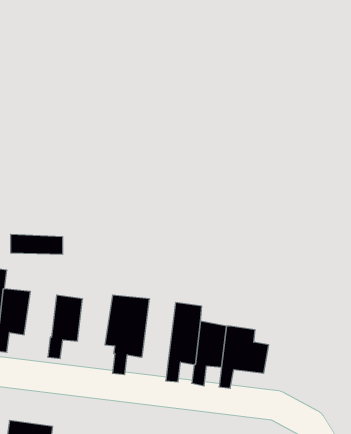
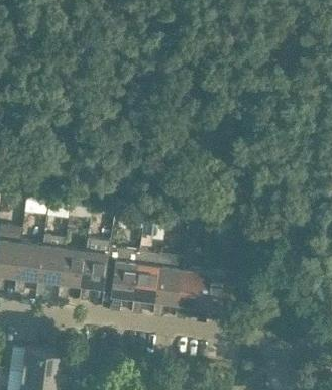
building: none -> [36,235,66,297]
building: none -> [80,240,111,302]
building: none -> [131,251,161,315]

